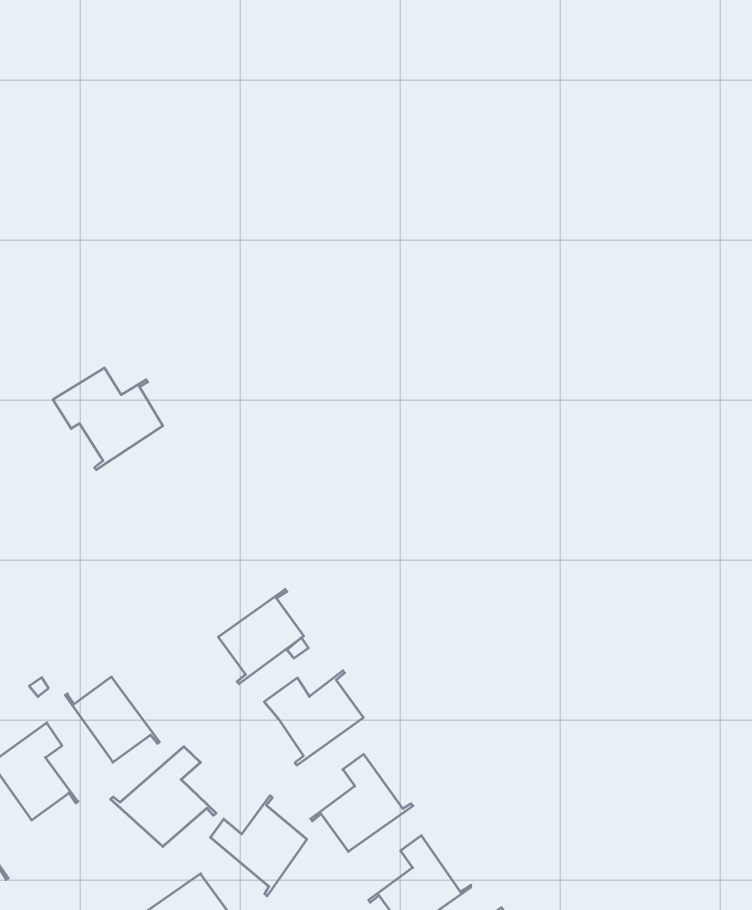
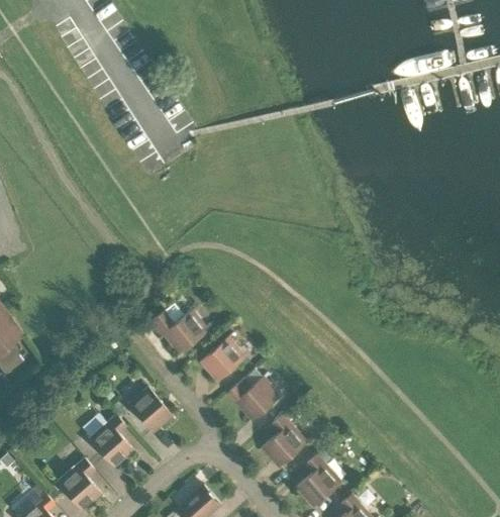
building: [53,368,163,470] -> [148,304,207,357]
building: [111,747,216,847] -> none
building: [210,796,307,896] -> none

